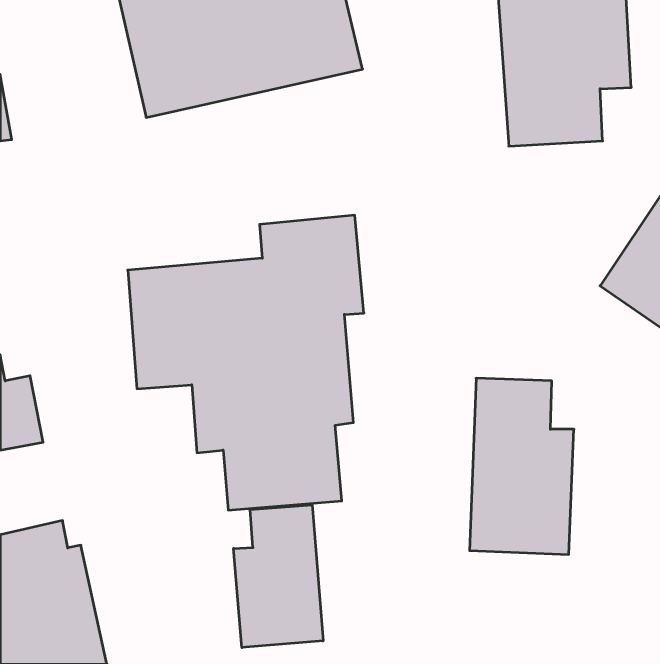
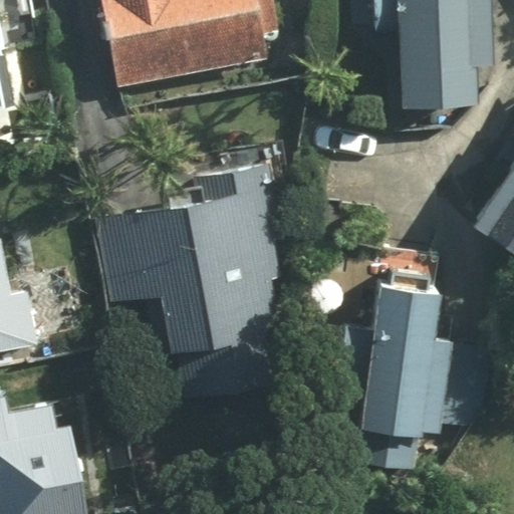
building: [234,505,323,648] -> none

